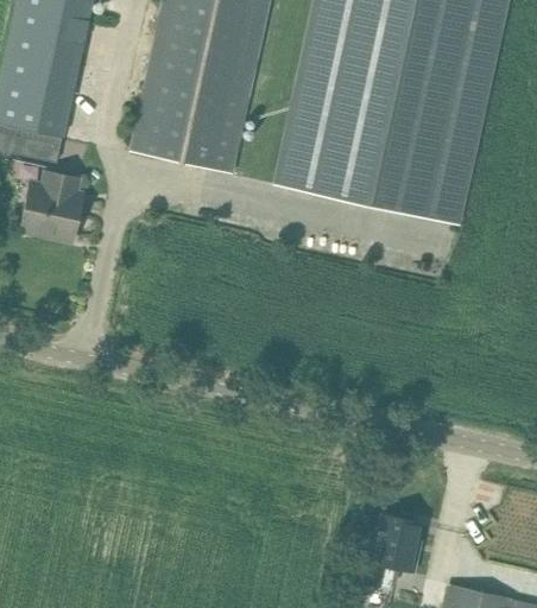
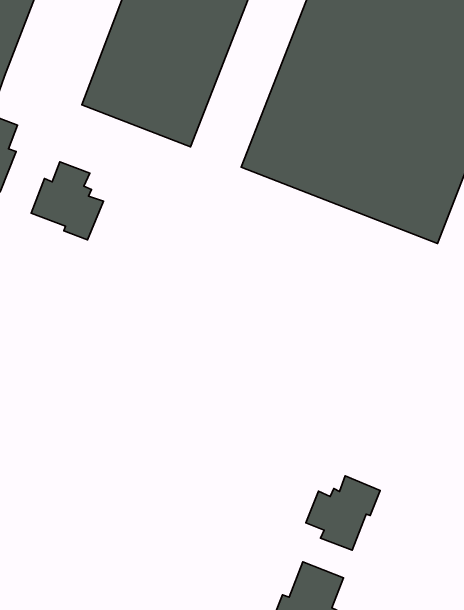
building: none -> [31,162,103,240]
building: none -> [306,476,380,550]

